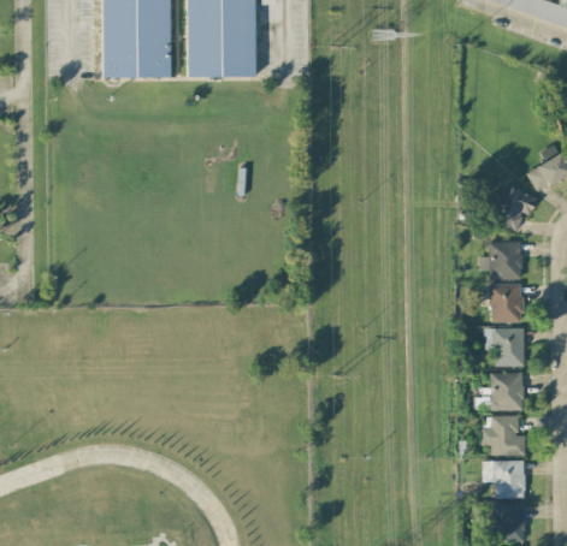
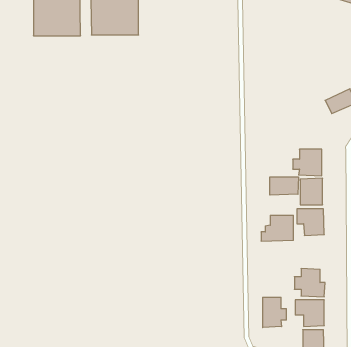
building: [486,184,538,230] -> none
building: none -> [270,177,298,195]
building: [478,372,525,409] -> [261,215,293,241]
building: none -> [263,297,286,328]

